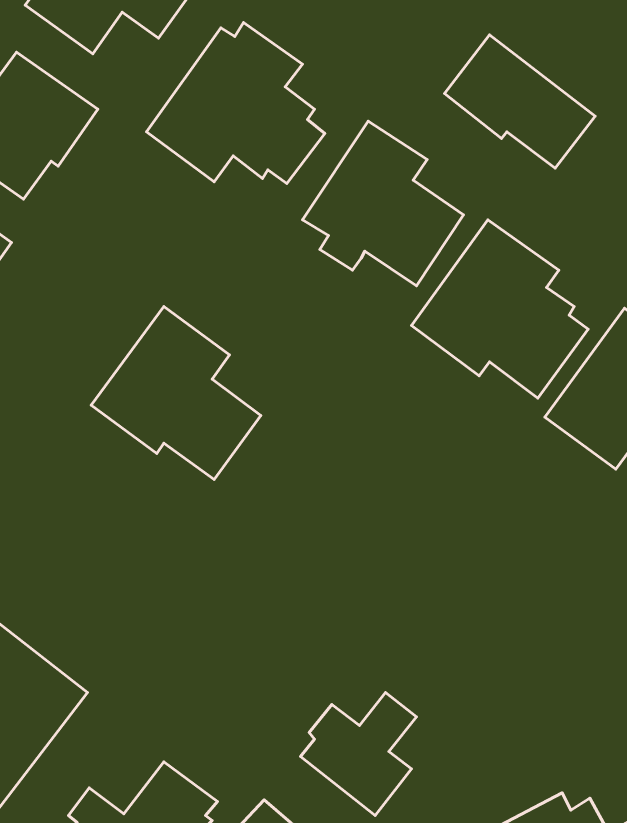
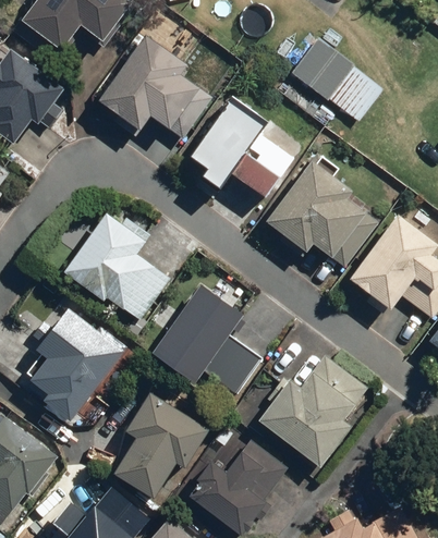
building: none -> [155,285,260,398]
building: none -> [24,306,125,420]
building: none -> [255,358,365,467]
building: none -> [112,389,211,502]

